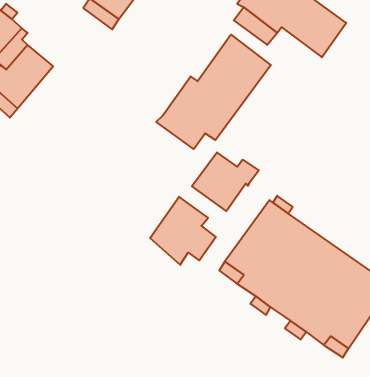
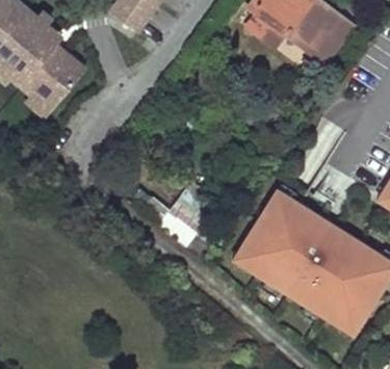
building: [156,35,271,149] -> none
building: [192,152,259,211] -> none

